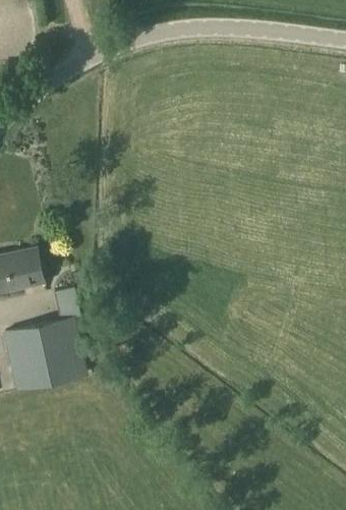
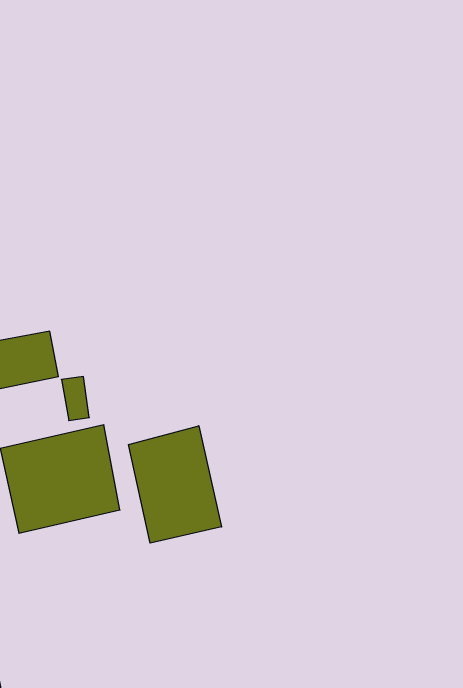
building: none -> [128,426,222,543]

